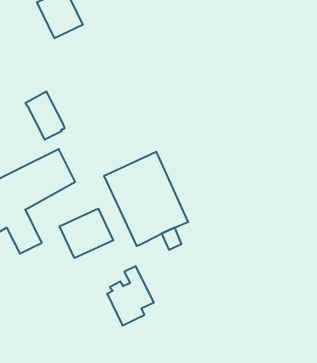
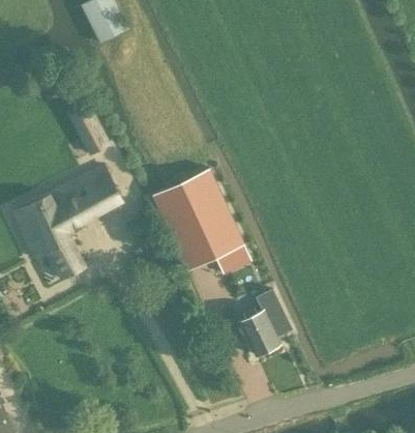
building: [59,209,113,258] -> none
building: [107,266,154,325] -> [240,290,291,354]

